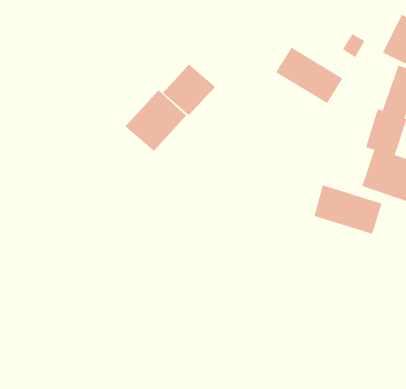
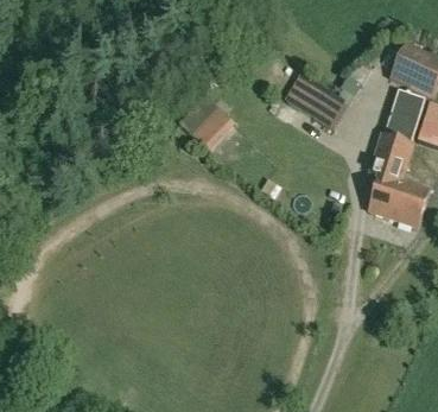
building: [125,90,187,152] -> none
building: [314,185,382,234] -> none

